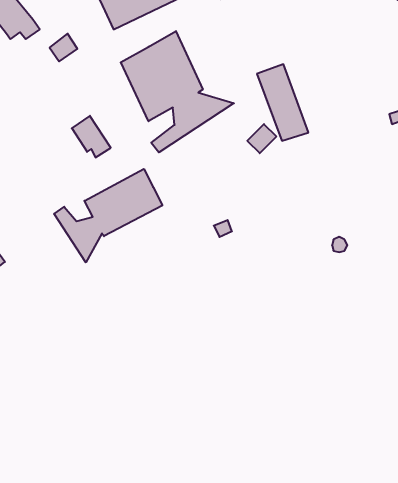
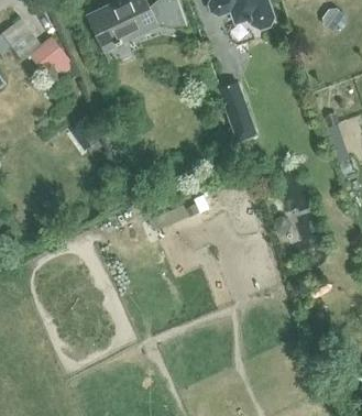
building: [121,31,234,152] -> none
building: [54,169,162,262] -> none

